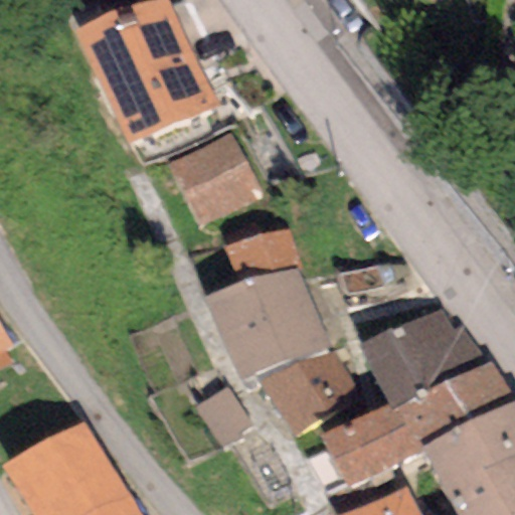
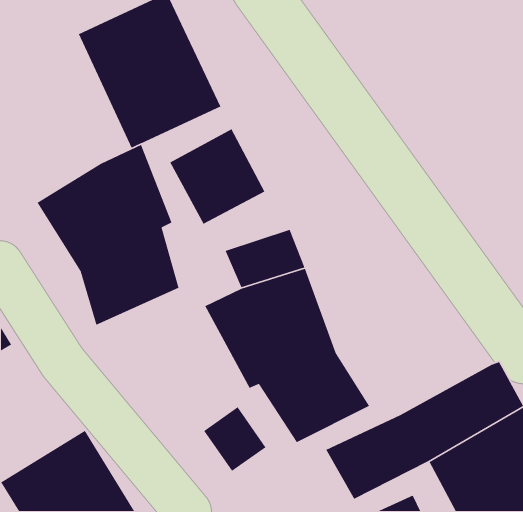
building: none -> [37,144,179,326]
building: [360,301,483,406] -> none

